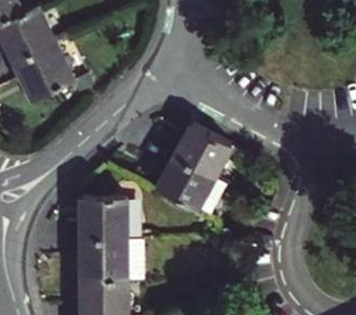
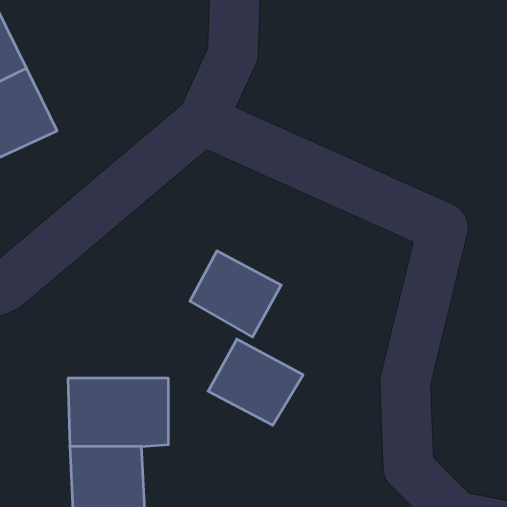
building: [170,125,229,178] -> [208,339,303,425]
building: [78,192,123,235] -> none

